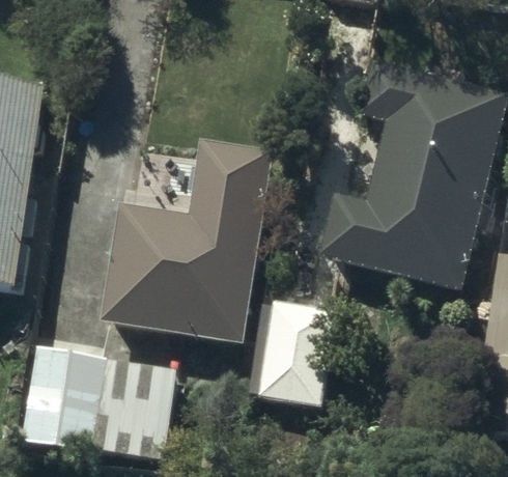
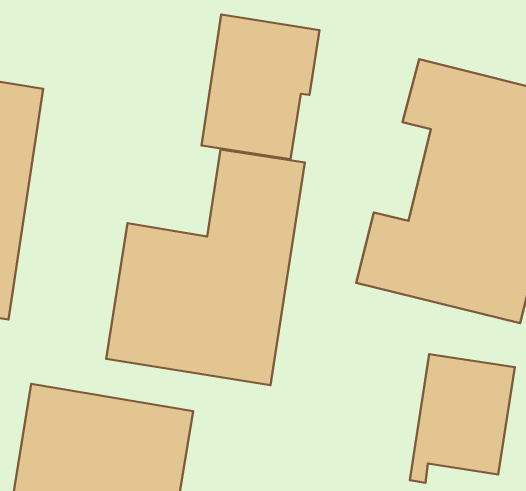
building: none -> [202,15,319,159]
building: [246,301,337,413] -> [410,354,515,483]

